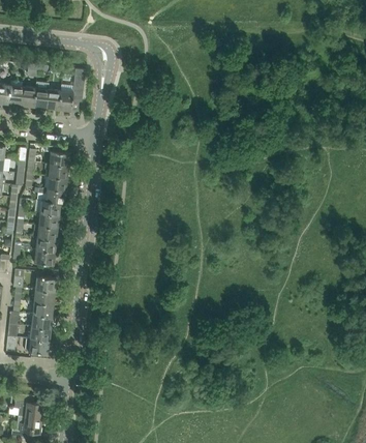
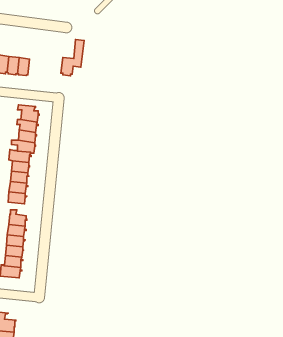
building: [58,68,86,112] -> [61,40,84,76]

